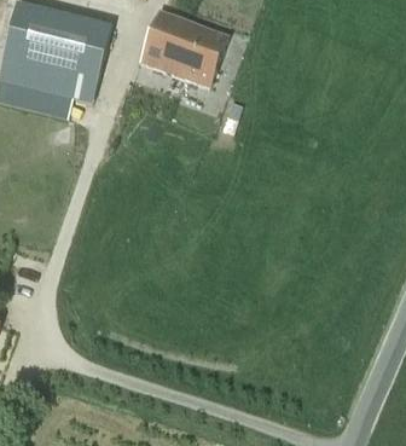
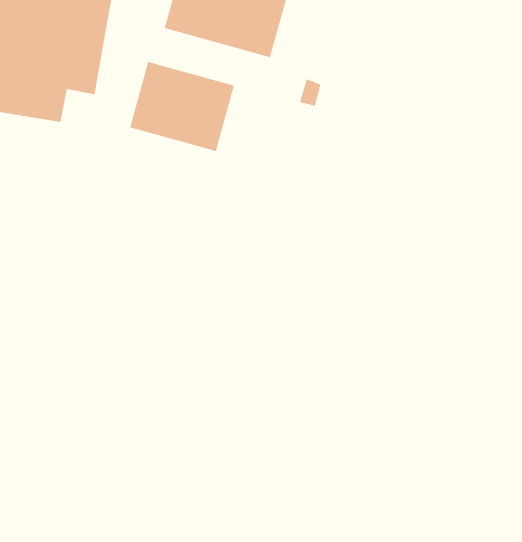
building: none -> [130,61,235,152]

